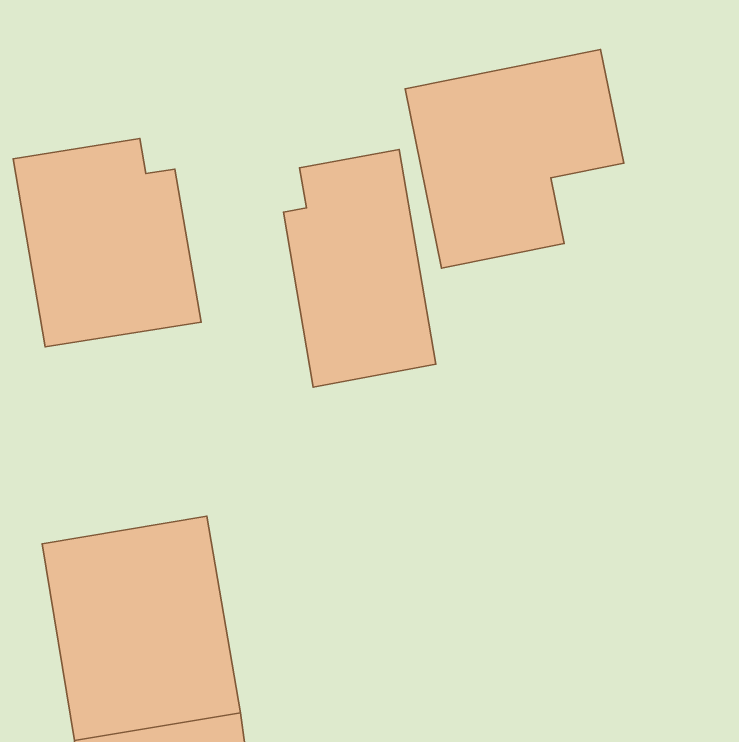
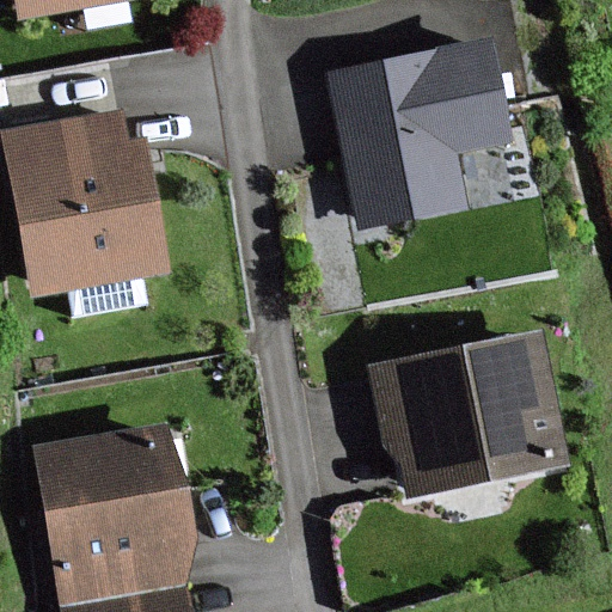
building: [284,149,436,387] -> none
building: none -> [372,335,563,494]

